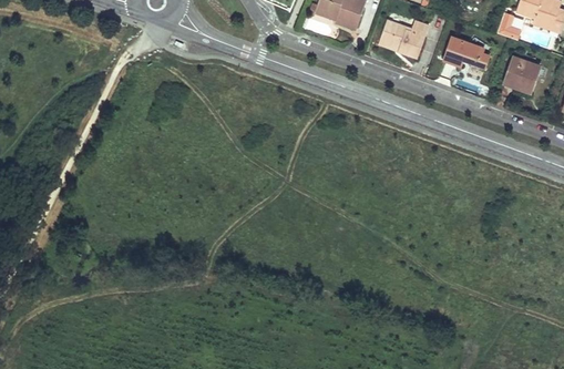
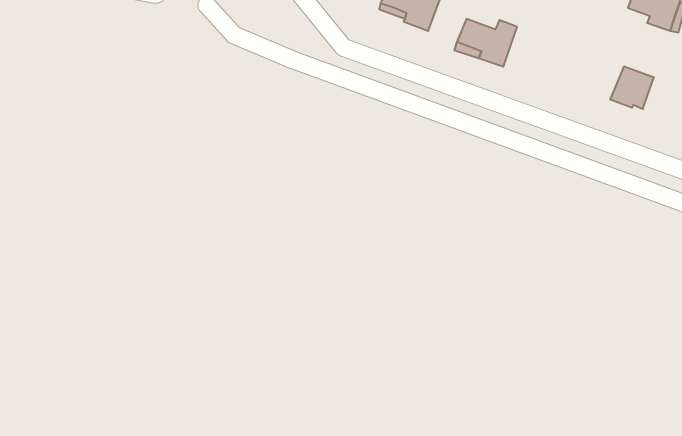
building: [500,13,525,40] -> none
building: [443,37,488,68] -> none

